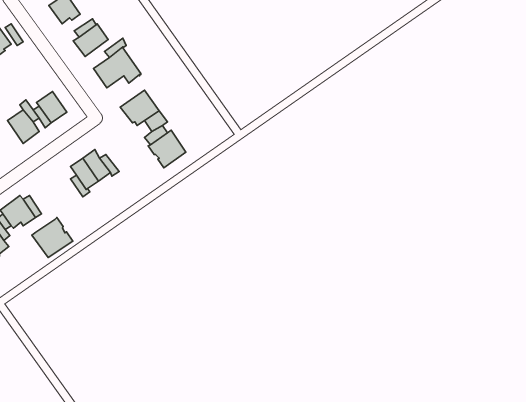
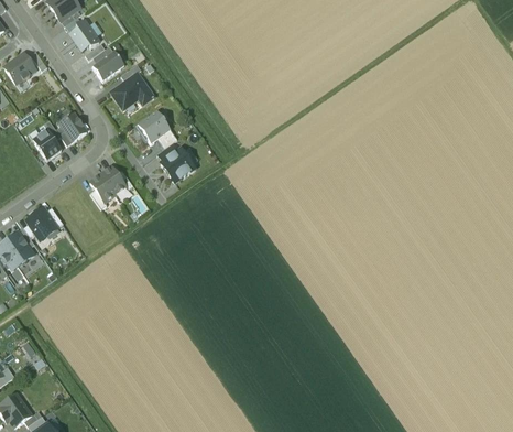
building: [32,217,73,258] -> none

